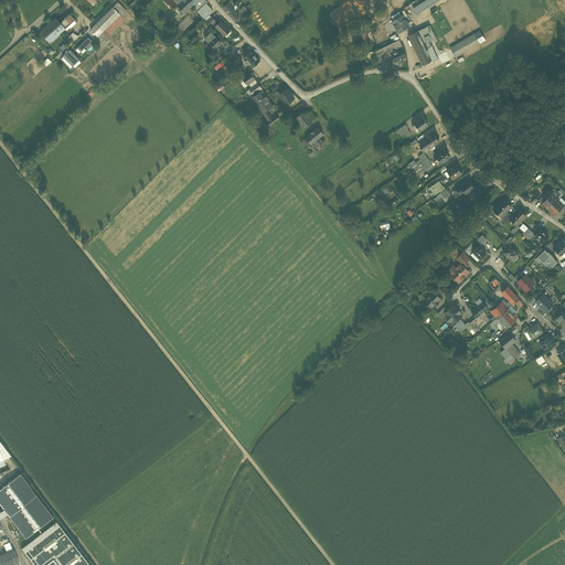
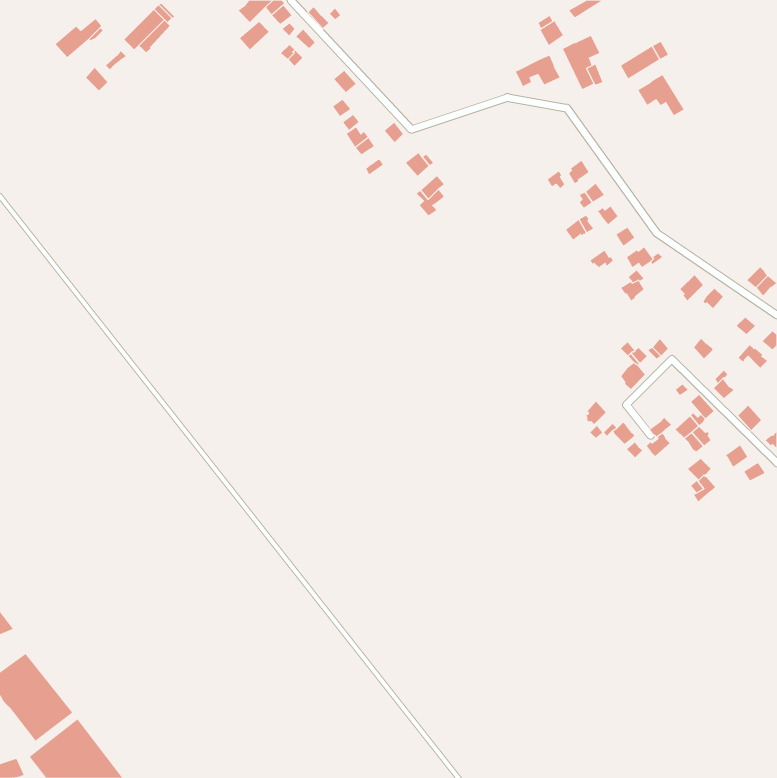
building: none -> [638,74,684,116]

